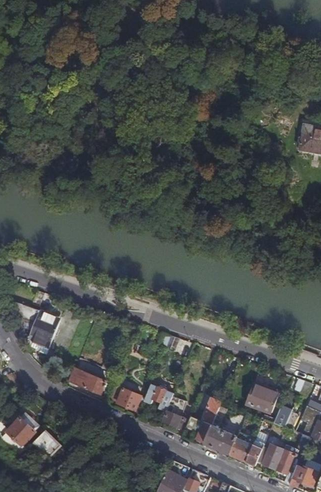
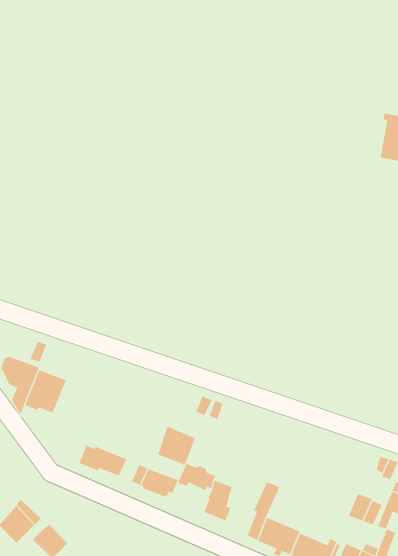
building: none -> [157,426,196,465]
building: [245,384,278,413] -> none

